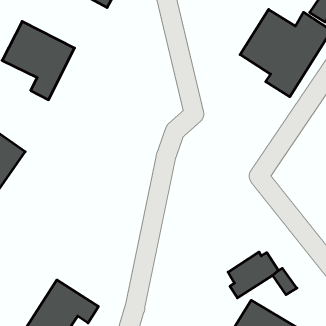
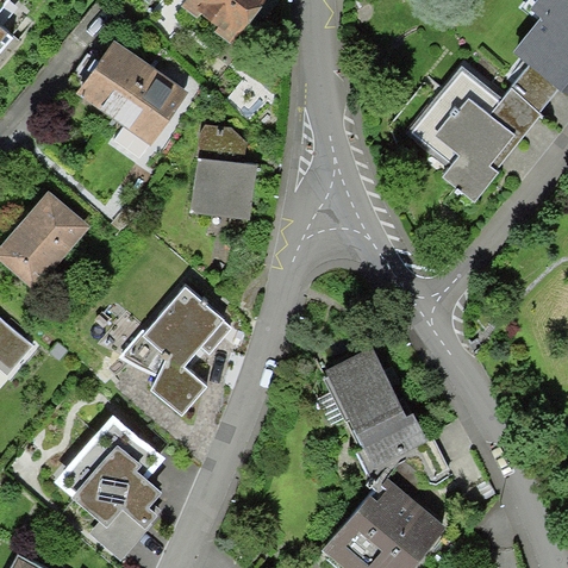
building: none -> [191,124,256,219]
building: none -> [121,287,229,417]
building: none -> [324,349,402,435]

